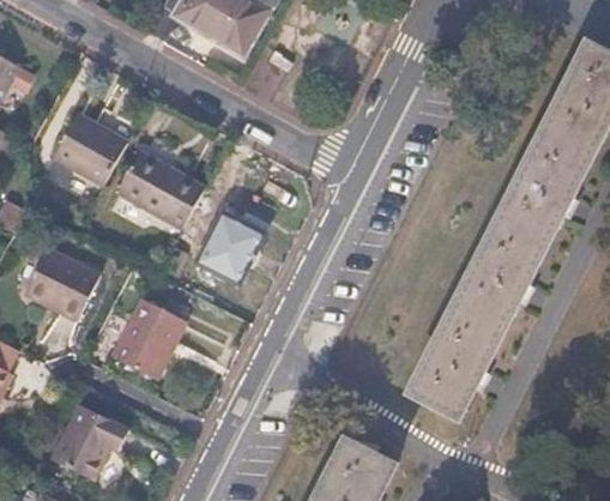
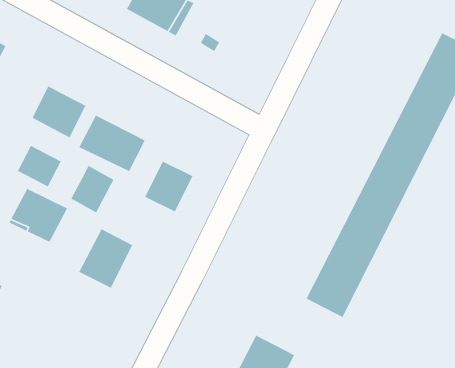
building: none -> [17,145,62,188]
building: none -> [70,165,114,213]
building: [54,404,121,475] -> none

